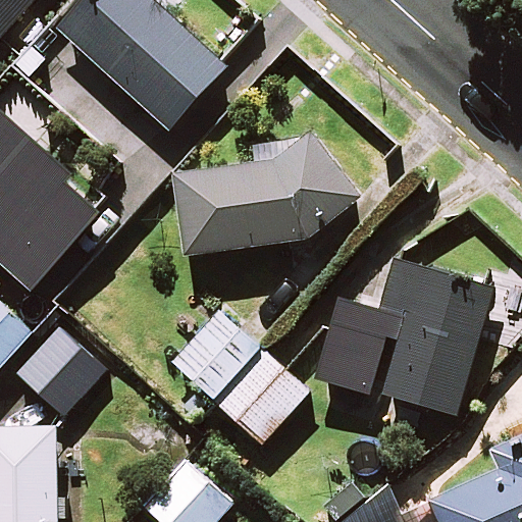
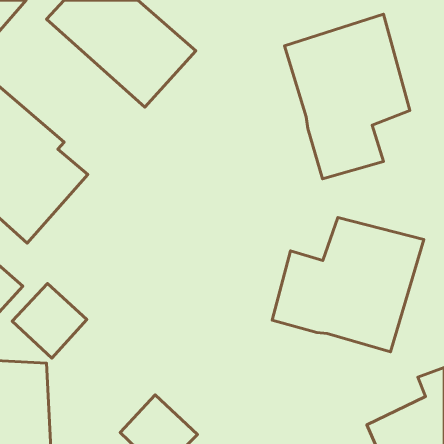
building: none -> [285,14,410,179]
building: [173,130,363,254] -> none
building: [171,318,307,450] -> none

